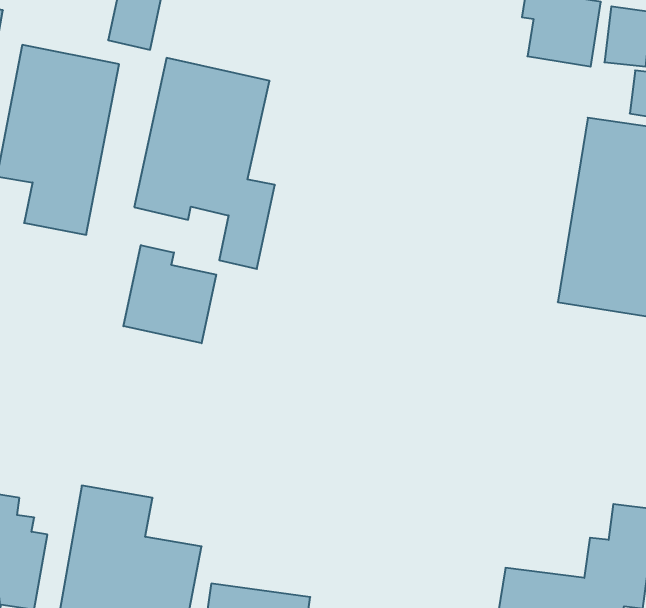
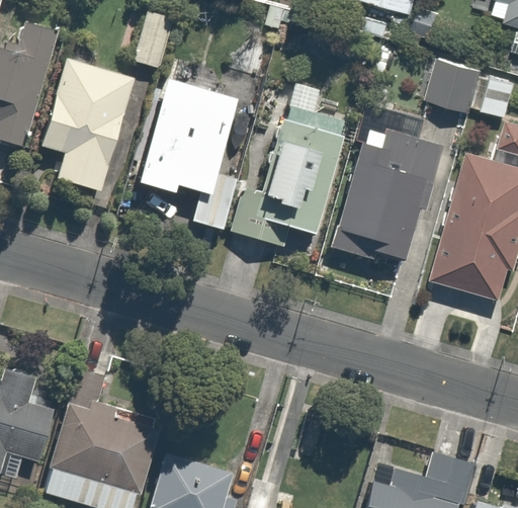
building: none -> [233,79,347,247]
building: none -> [329,102,441,268]
building: [123,245,216,343] -> none

